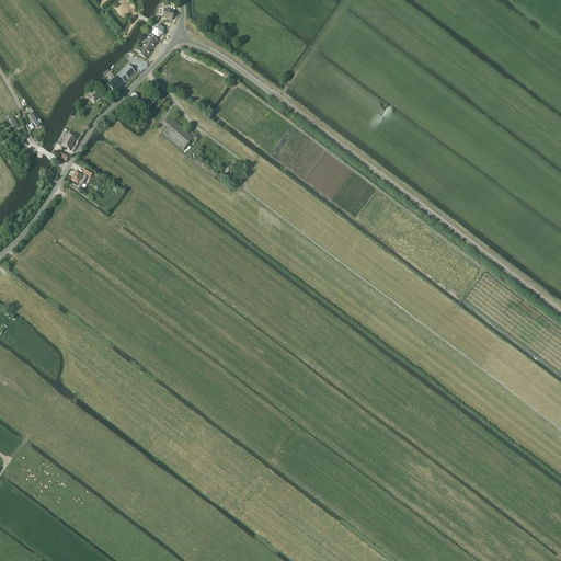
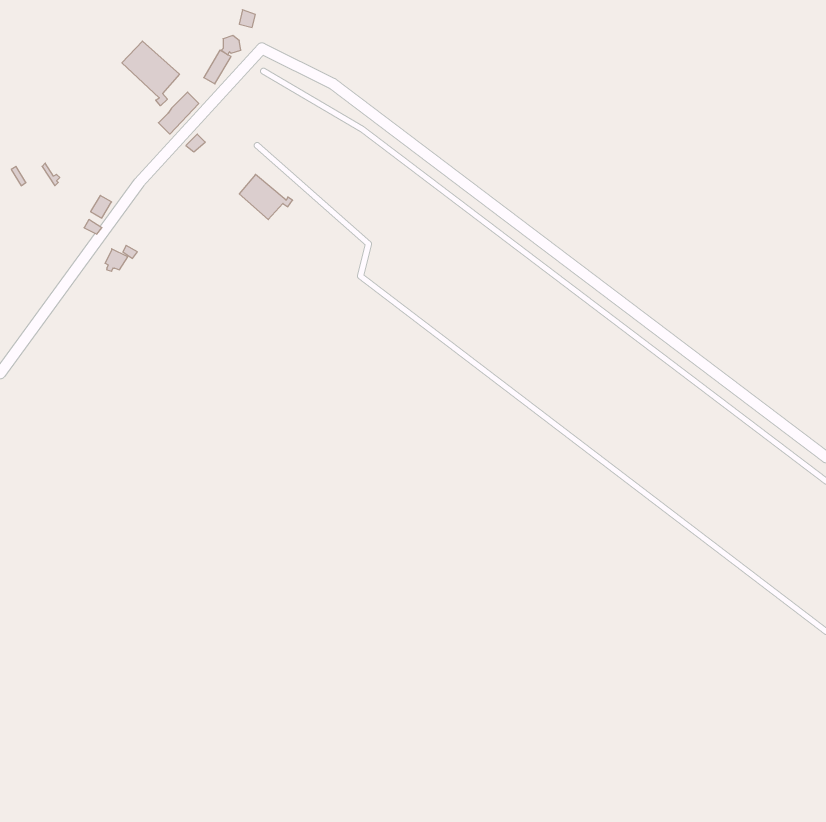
building: none -> [122,41,179,106]

